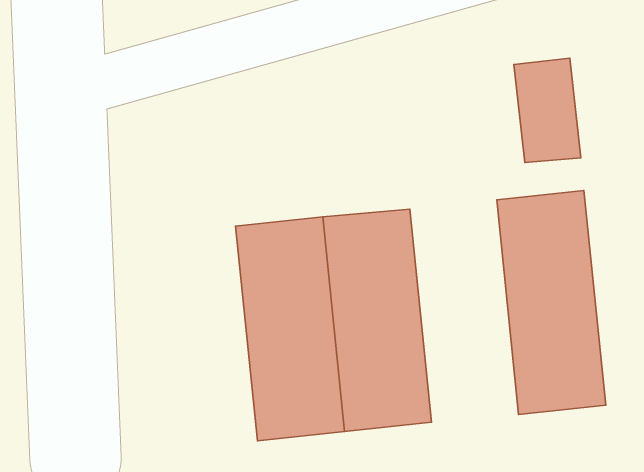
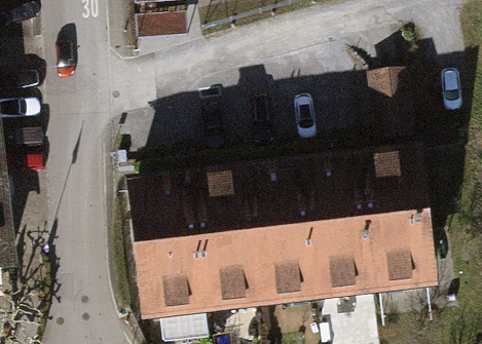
building: none -> [303,153,375,300]
building: none -> [129,170,202,317]

